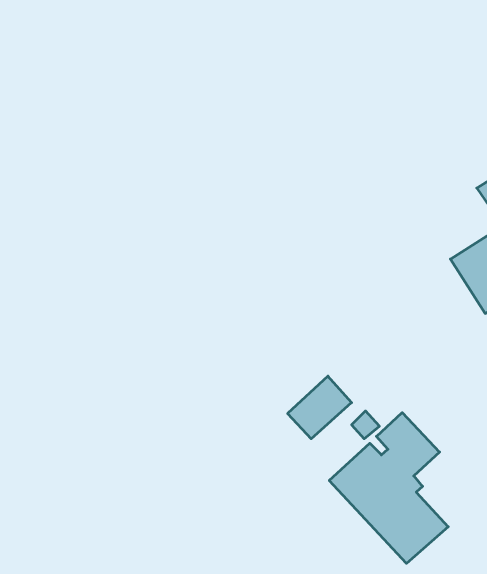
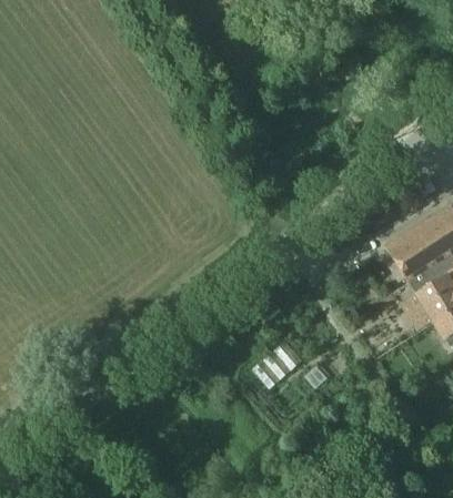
building: [329,413,448,563] -> none

